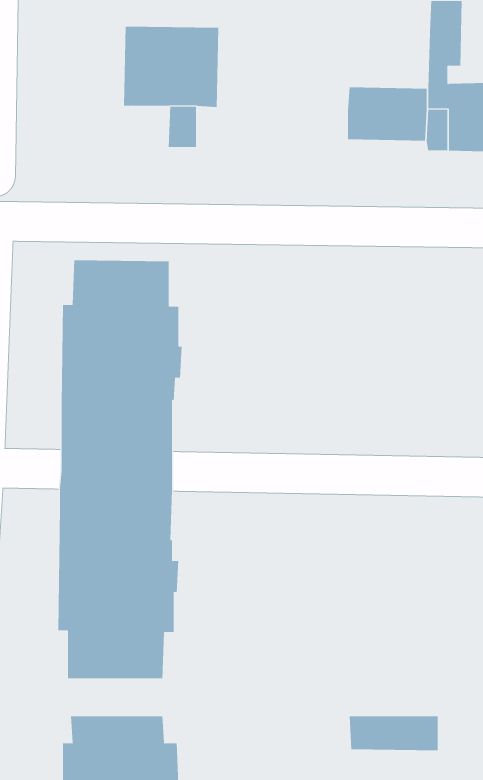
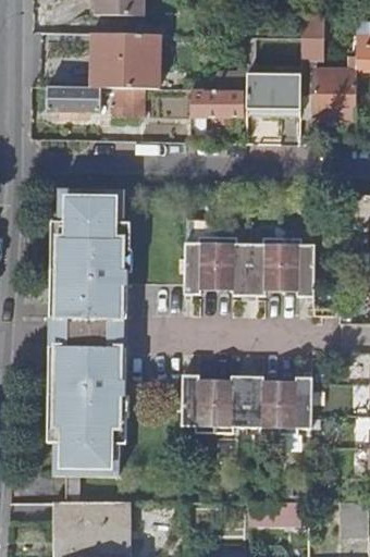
building: none -> [46,85,99,111]
building: none -> [190,87,242,143]
building: none -> [186,237,317,297]
building: none -> [185,375,314,435]

